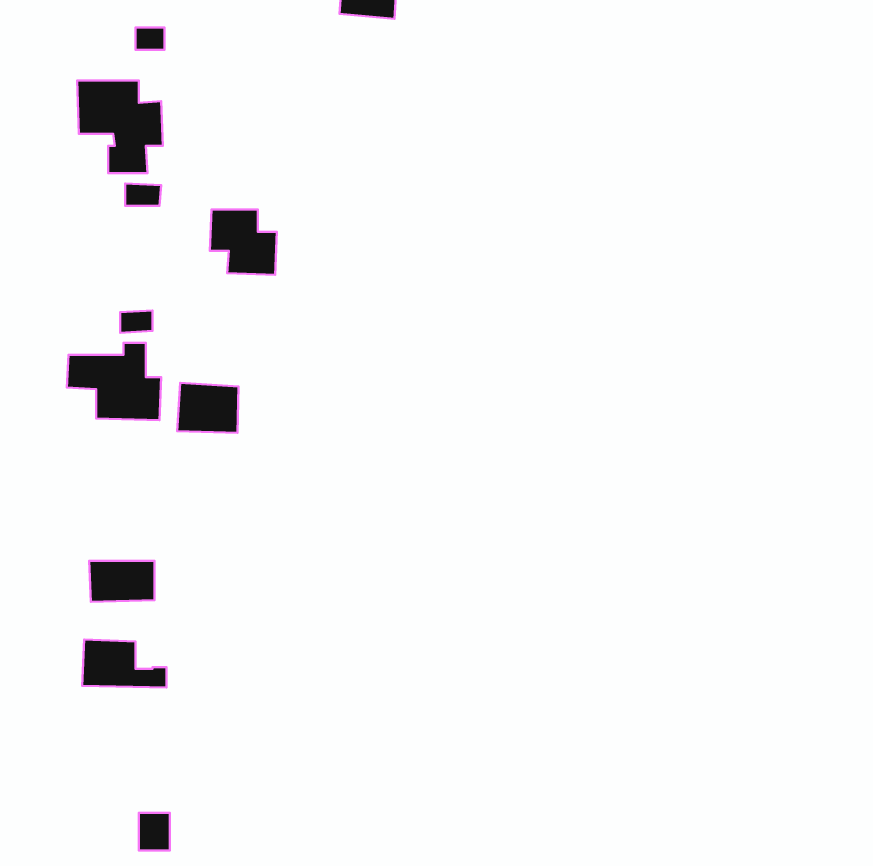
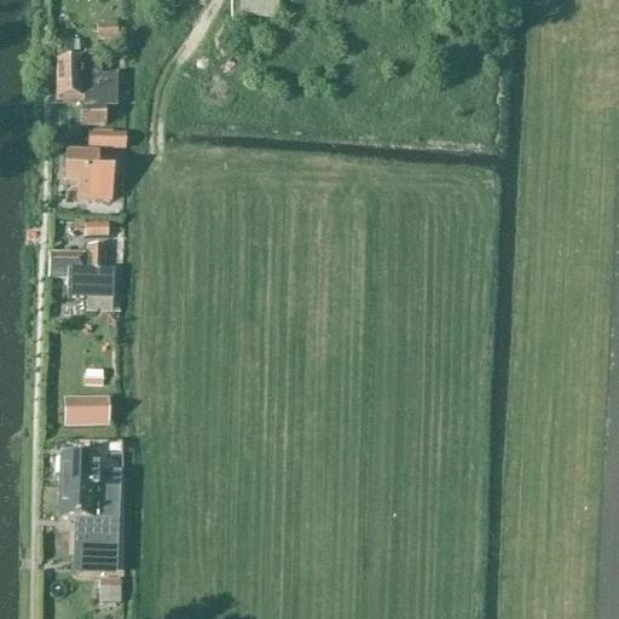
building: [210,210,277,275] -> [65,151,112,197]
building: [177,383,239,433] -> none
building: none -> [59,484,120,559]

